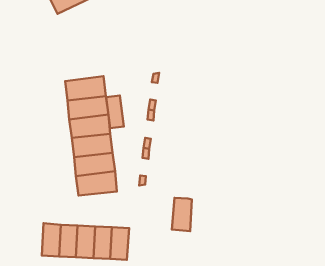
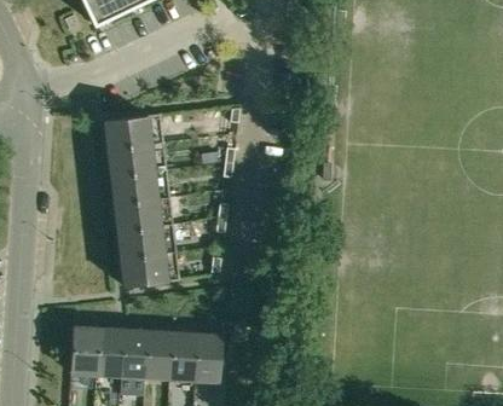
building: [106,95,124,128] -> none
building: [172,198,192,231] -> [193,334,222,382]

